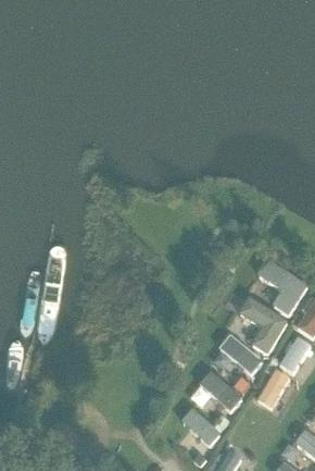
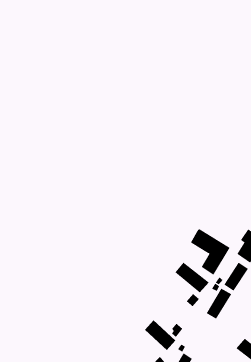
building: [256,259,307,314] -> none
building: [198,371,241,411] -> none

